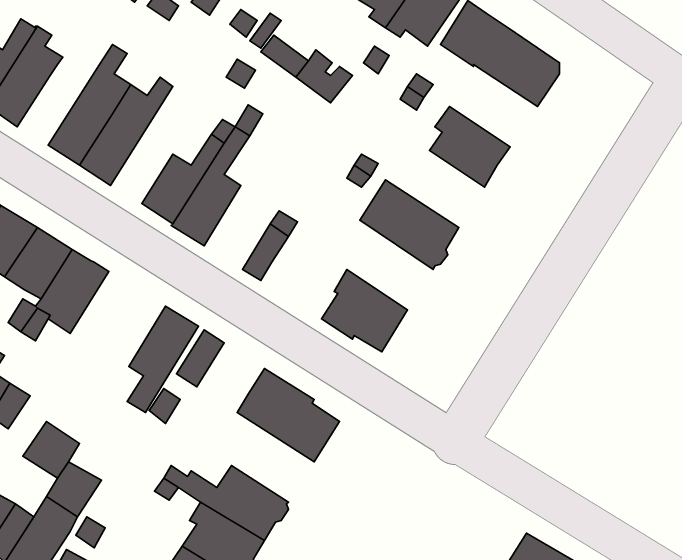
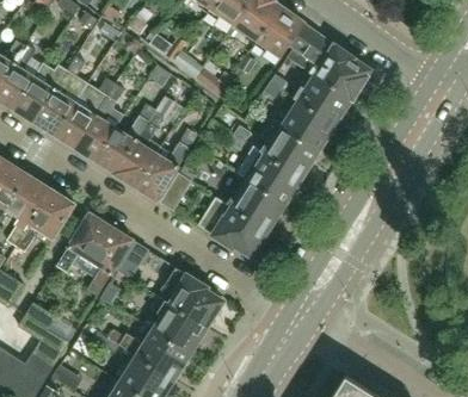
building: none -> [14,62,68,120]
building: none -> [296,68,353,122]
building: none -> [75,82,124,159]
building: none -> [254,124,319,174]
building: none -> [136,126,198,199]
building: none -> [229,169,285,228]
building: none -> [57,212,111,271]
building: none -> [150,294,208,353]

